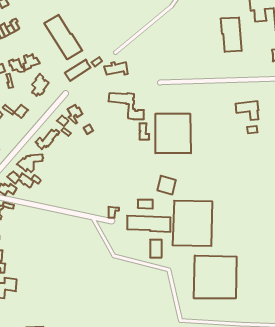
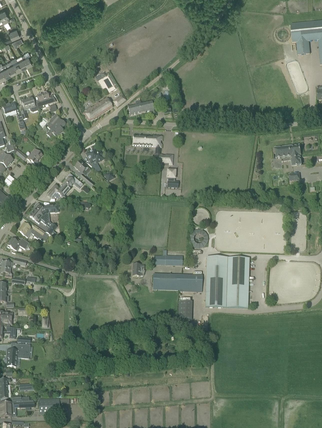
building: [44,15,82,59] -> none
building: [221,17,242,52] -> none
building: [155,114,191,153] -> none
building: [194,255,237,298] -> none

